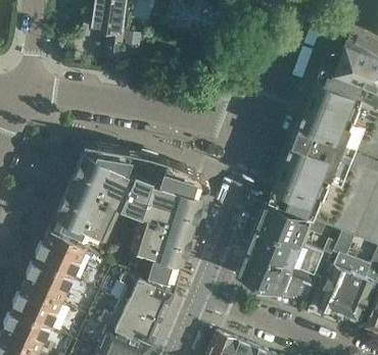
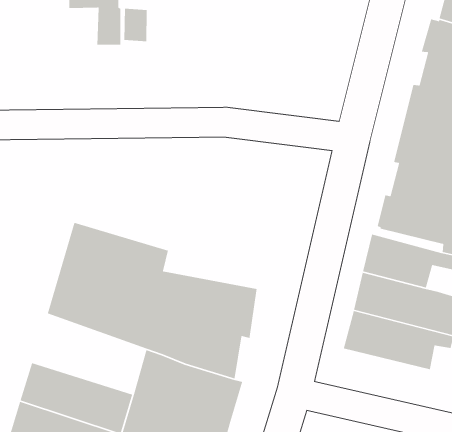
building: [74,146,200,230] -> none
building: [34,229,110,289] -> none

